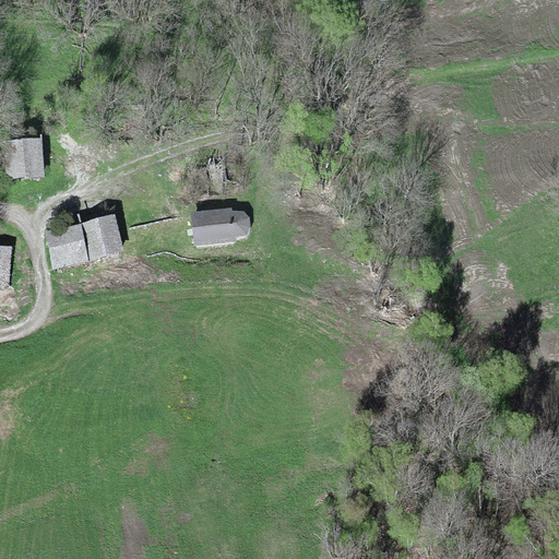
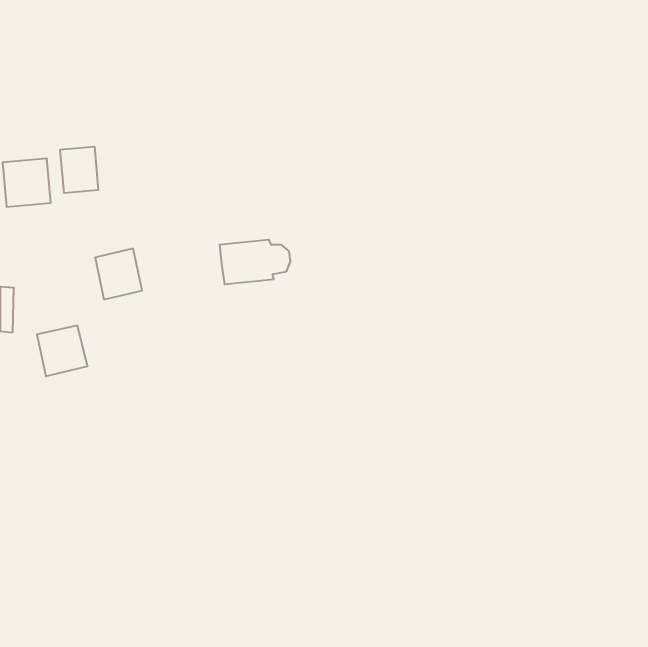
building: none -> [60,147,98,193]
building: [45,224,88,267] -> [37,326,88,376]

